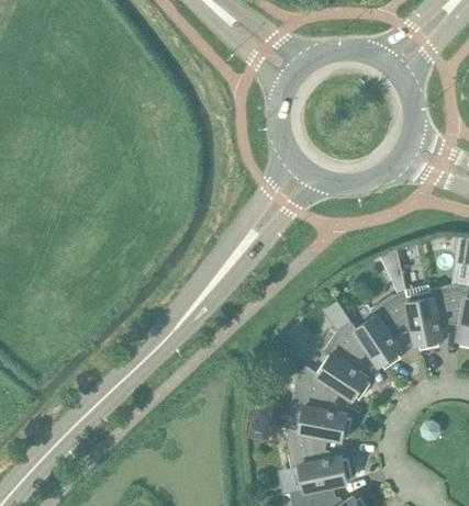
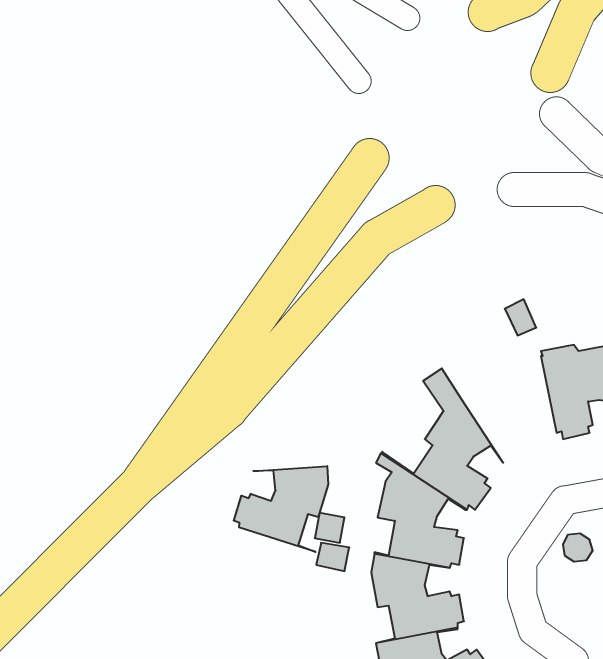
building: [350,292,417,369] -> none
building: none -> [234,466,328,552]

